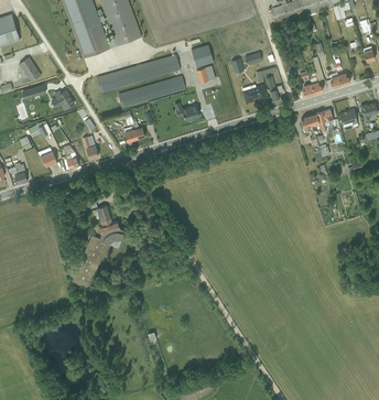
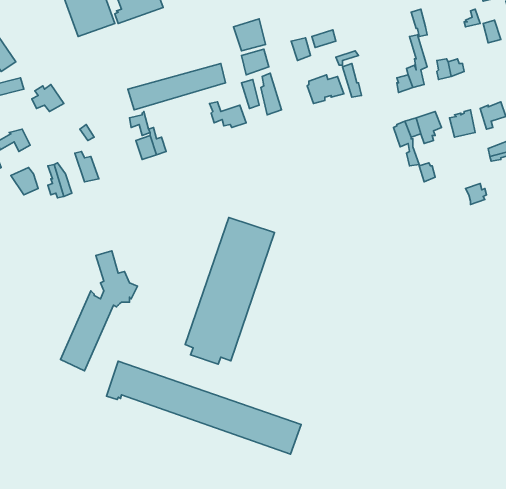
building: [97,54,180,93] -> none
building: none -> [185,218,274,364]
building: none -> [106,361,301,454]

